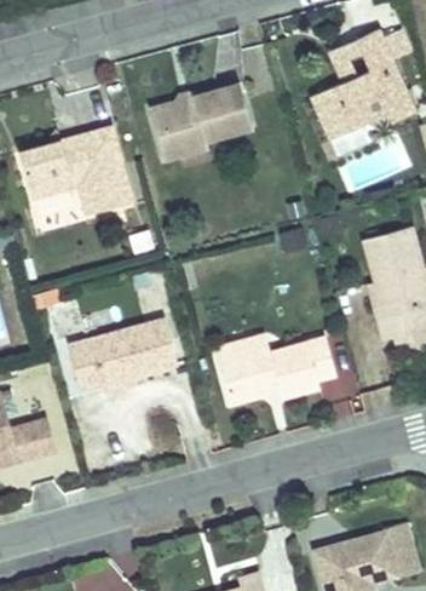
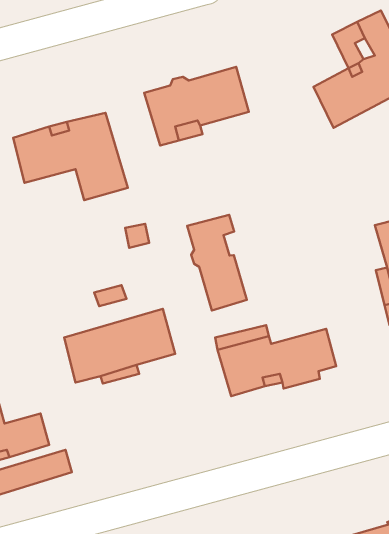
building: [30,196,79,233] -> none
building: none -> [187,215,247,310]

